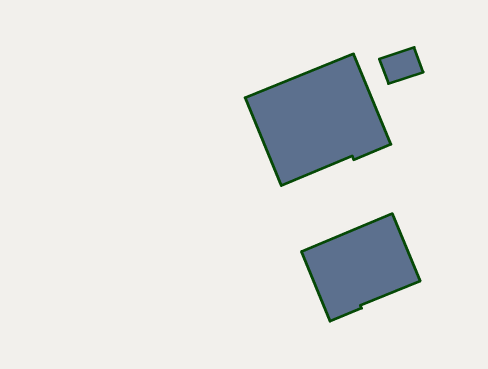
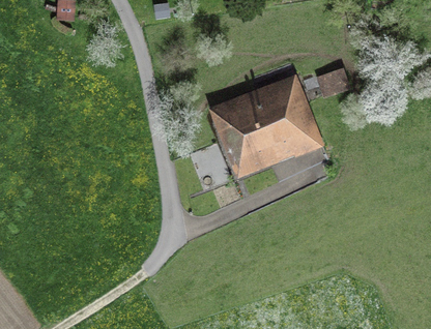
building: [302,214,420,321] -> none

